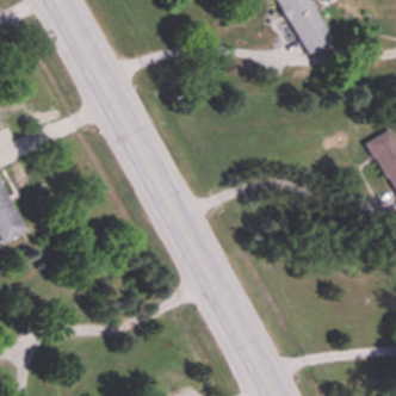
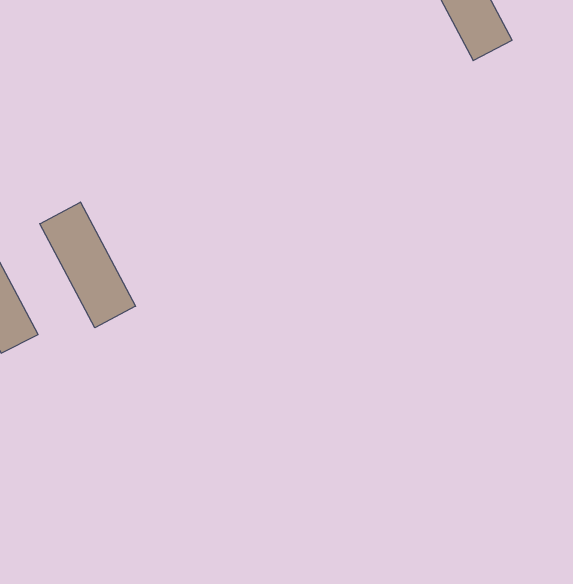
building: none -> [40,202,136,328]

